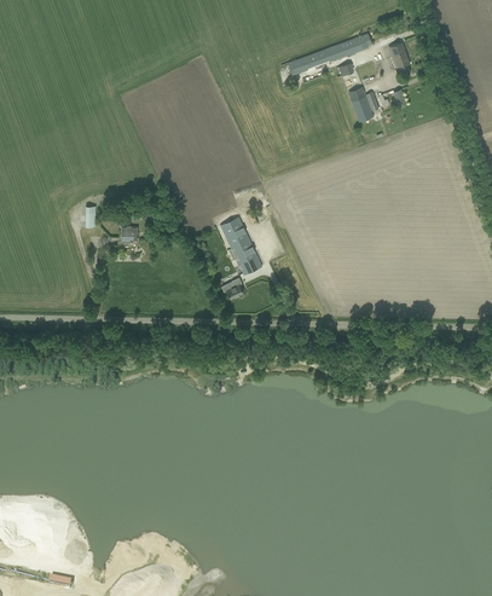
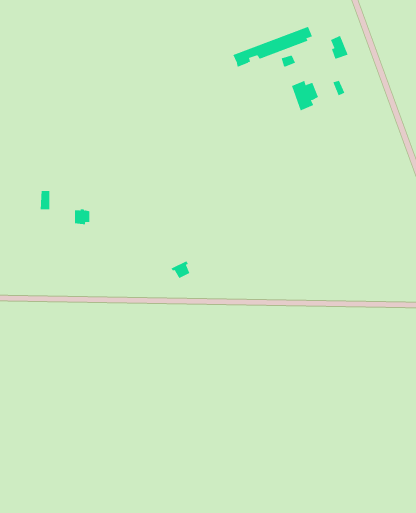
building: [220,216,262,274] -> none

